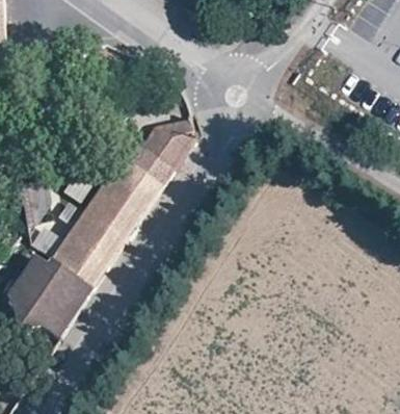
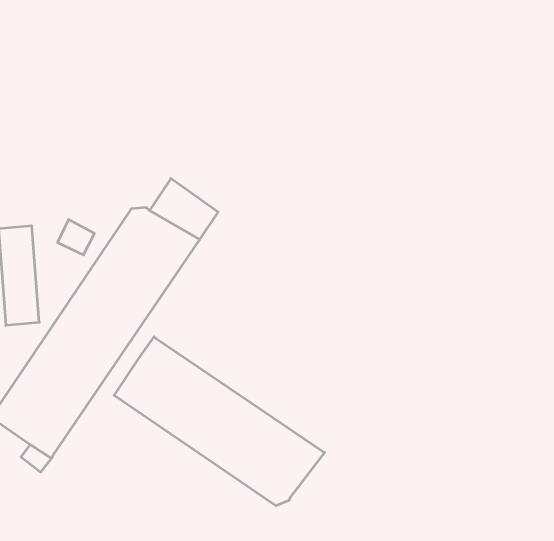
building: [133,119,188,172] -> none
building: none -> [114,337,325,506]

